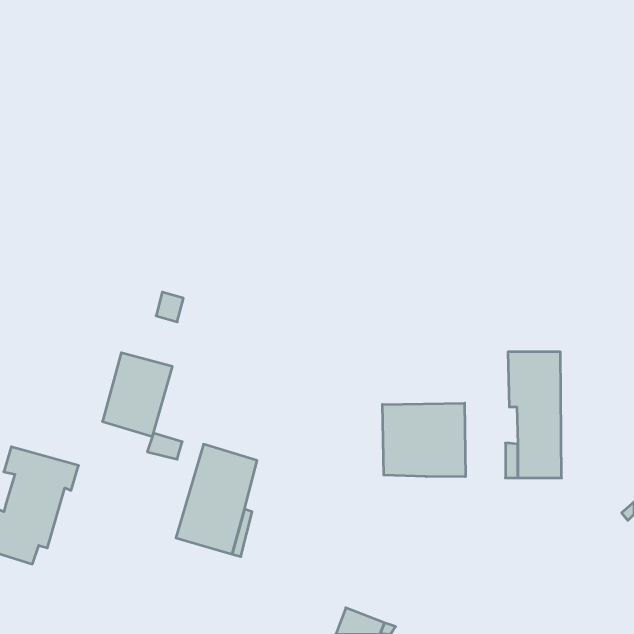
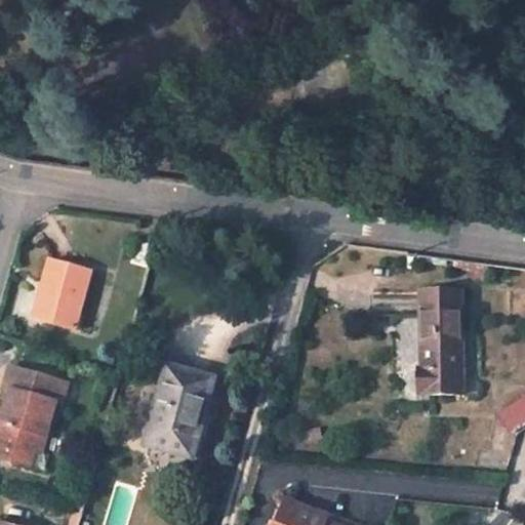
building: [102,353,172,436] -> [32,258,89,327]
building: [382,403,465,477] -> none

